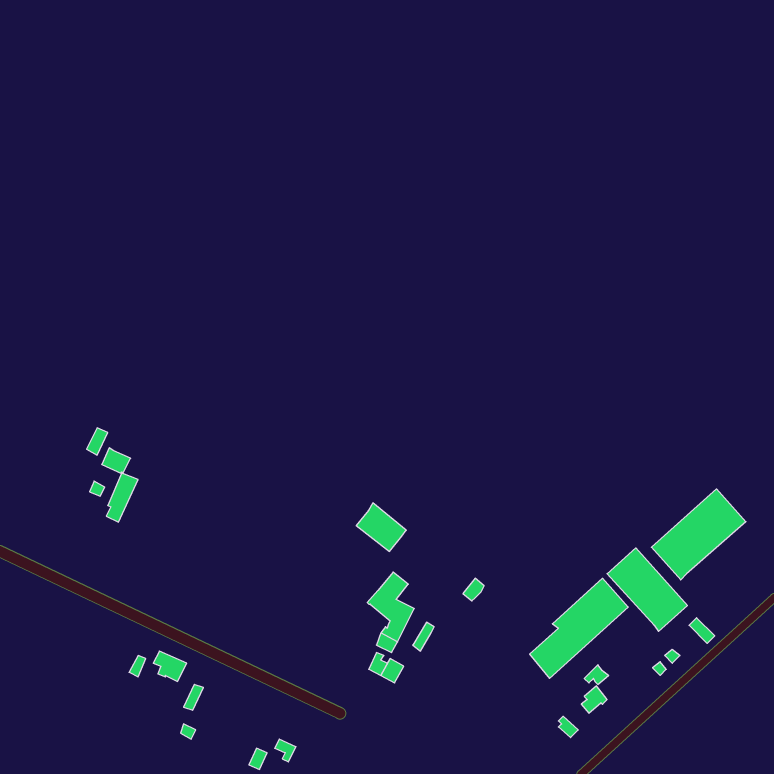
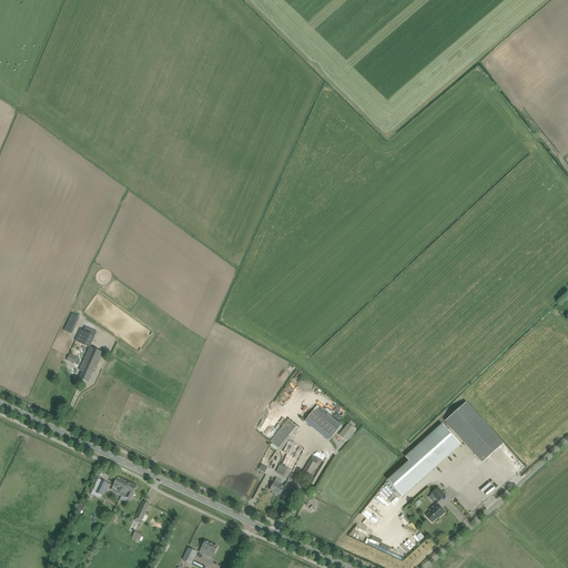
building: [651,489,746,580] -> none
building: [356,503,406,551] -> [304,404,341,439]

